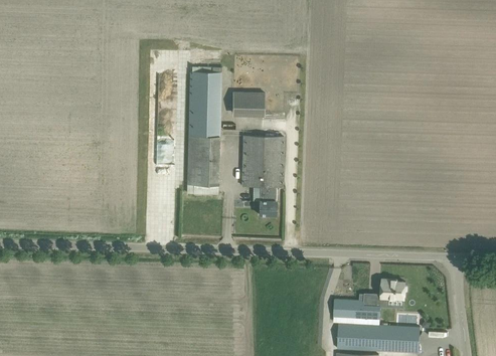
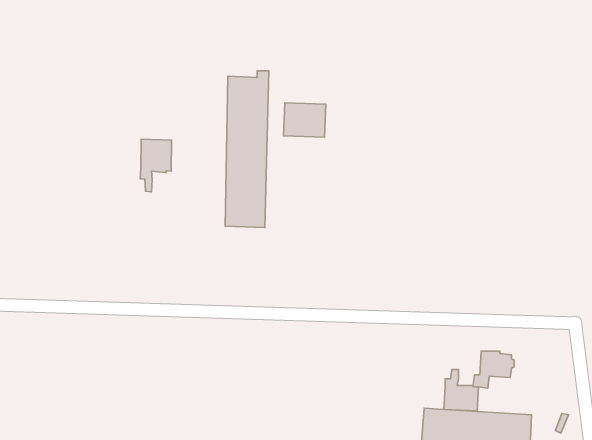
building: none -> [140,139,172,192]
building: [241,135,283,215] -> none
building: [332,299,354,323] -> none

